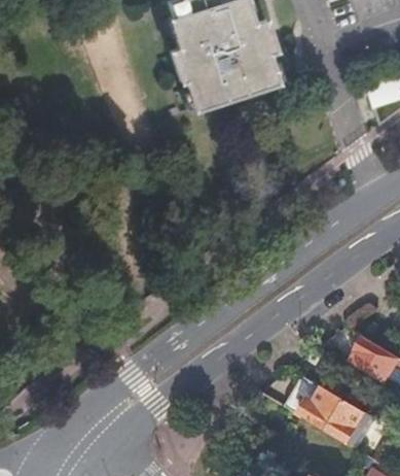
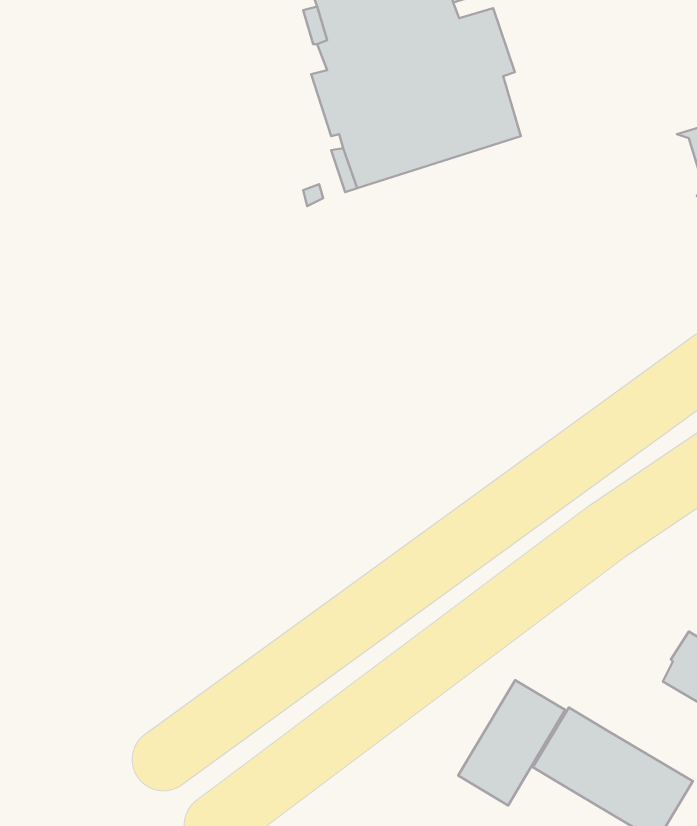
building: none -> [458,680,565,805]

